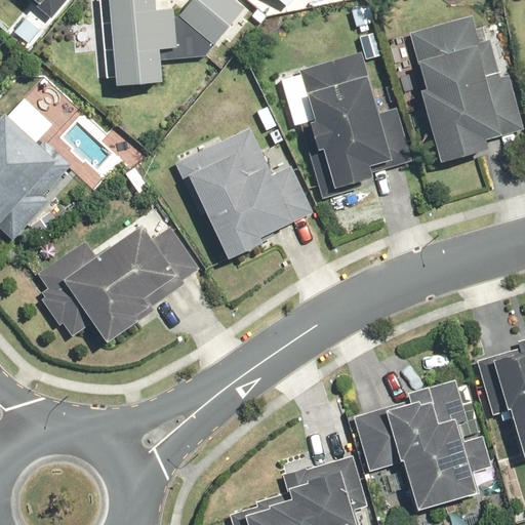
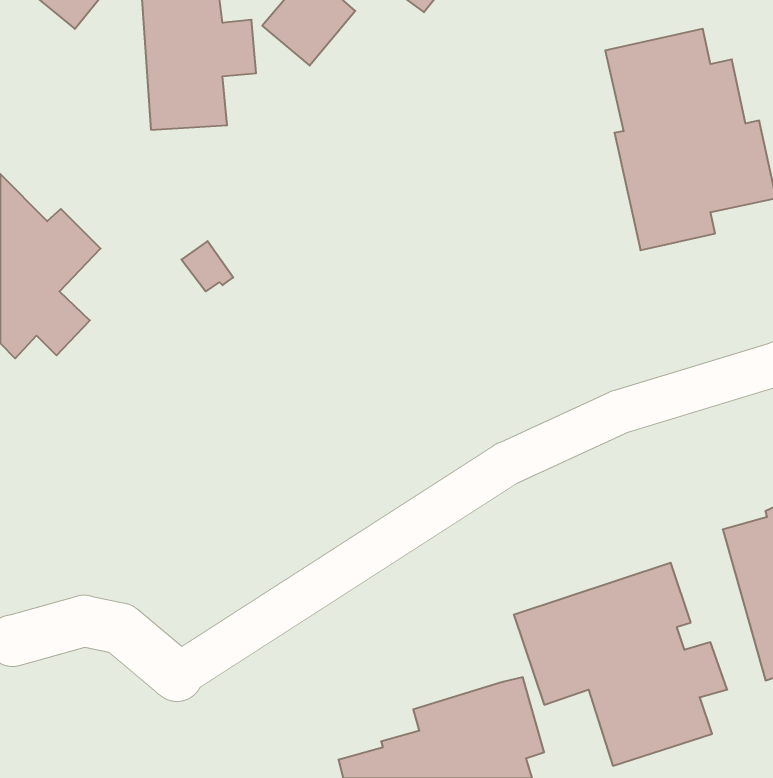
building: [306,43,400,183] -> none
building: [174,128,313,257] -> none
building: [40,224,200,344] -> none

